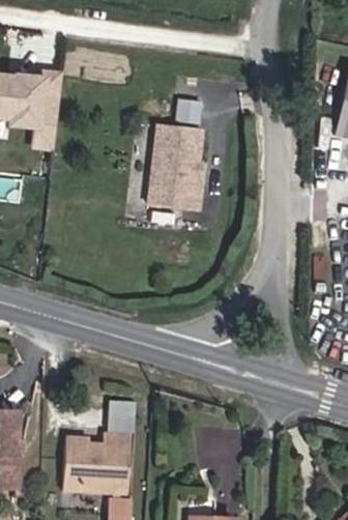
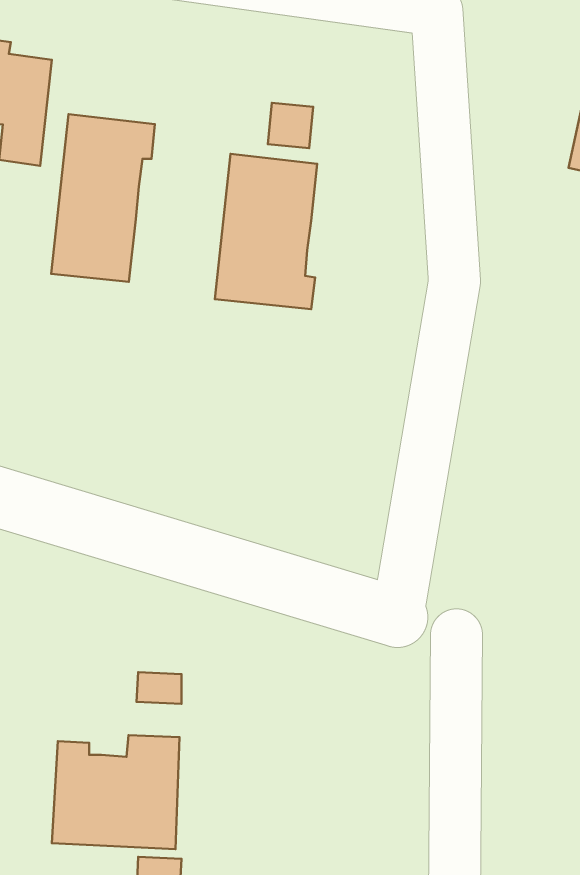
building: none -> [51,114,155,282]

